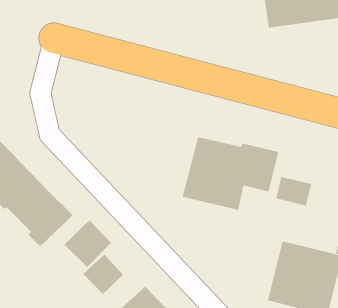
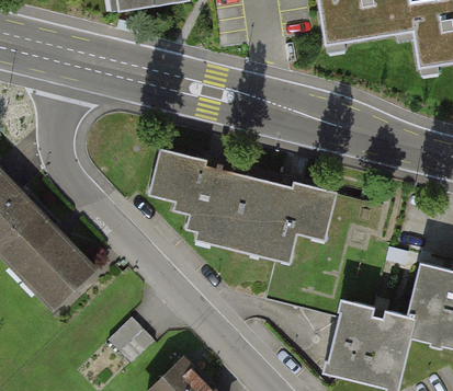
building: none -> [151,149,242,248]
building: [276,176,312,206] -> none
building: [64,220,112,268] -> none

